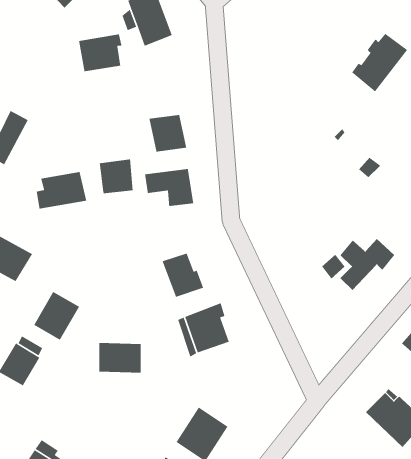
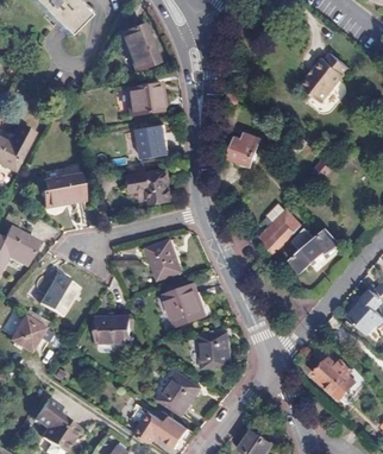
building: [78,34,122,72] -> [121,82,158,114]
building: none -> [228,134,258,168]
building: [98,159,134,194] -> none
building: none -> [259,203,300,254]
building: none -> [197,332,230,367]

